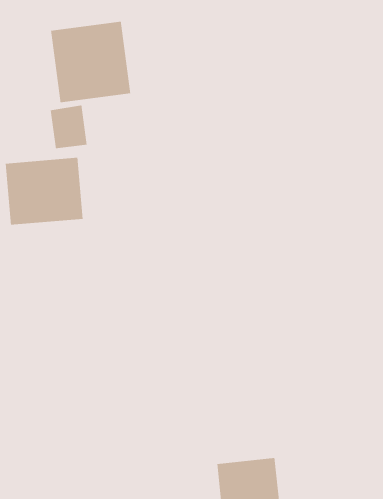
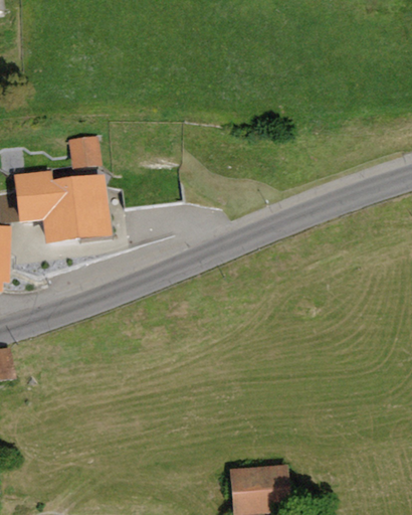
building: [51,21,131,103] -> none

